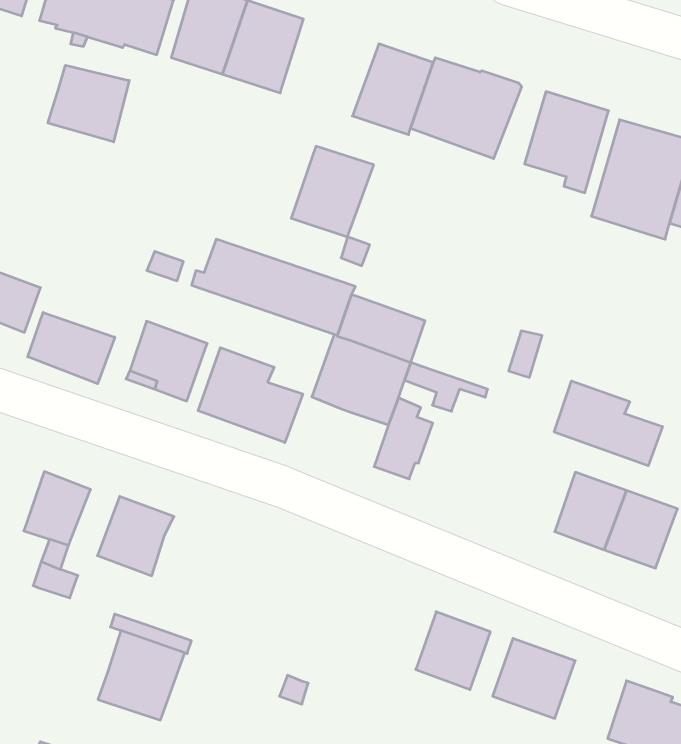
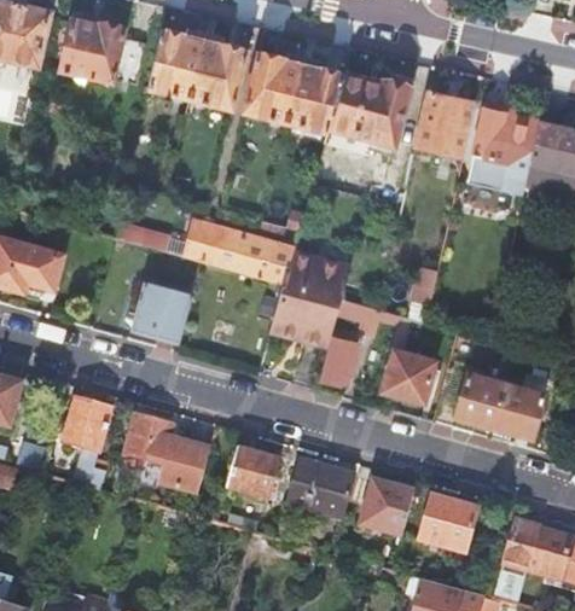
building: [48,65,129,142] -> none
building: [291,146,374,237] -> [244,54,302,120]
building: [28,312,115,384] -> none
building: [198,348,303,443] -> none
building: [554,381,662,466] -> none
building: none -> [384,348,437,400]
building: none -> [228,449,279,499]
building: none -> [288,459,356,518]
building: [98,630,185,720] -> [156,438,217,502]

